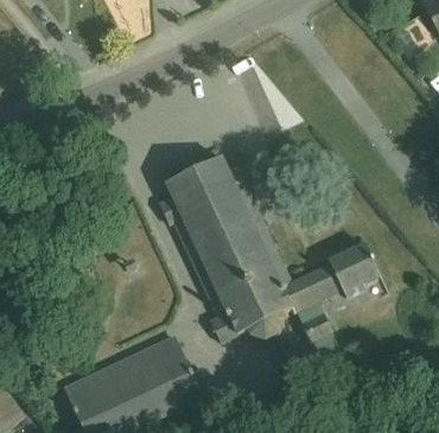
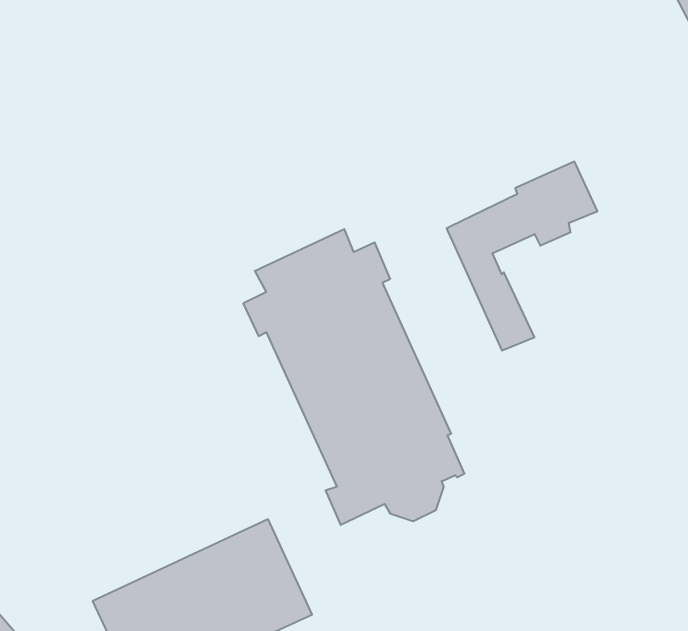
building: [286,243,380,361] -> [447,162,597,351]

